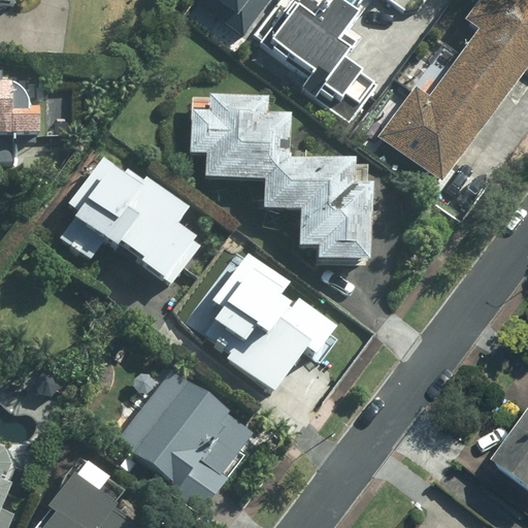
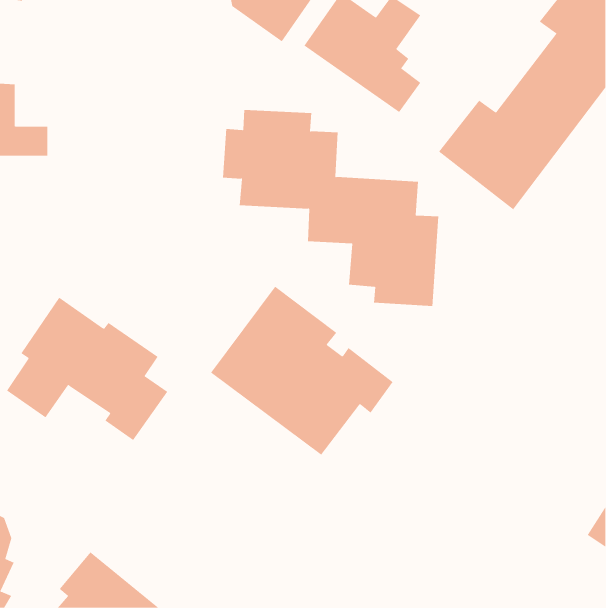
building: [59,157,198,280] -> [6,297,168,441]
building: [122,369,256,498] -> none

